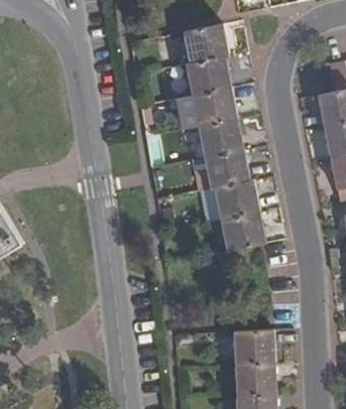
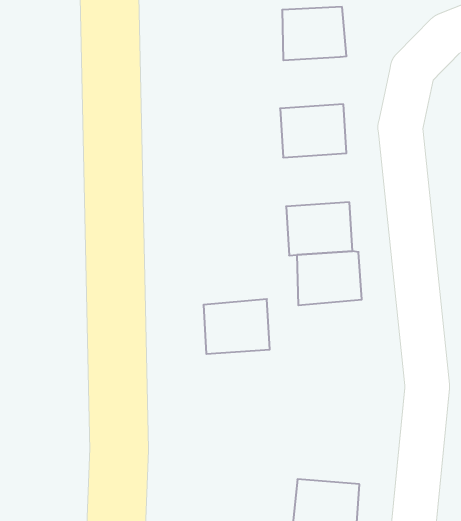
building: [185,56,231,95] -> none
building: [197,118,243,157] -> none
building: [219,211,265,251] -> [203,299,270,354]

